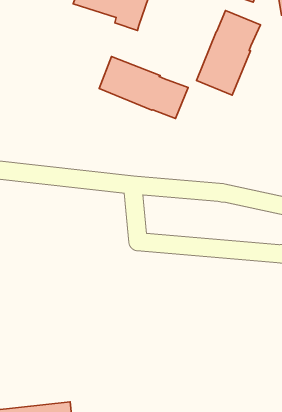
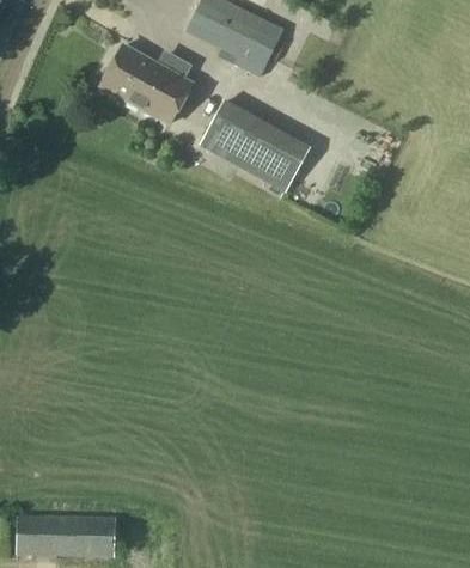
building: [197,11,260,95] -> none
building: none -> [102,44,191,123]

